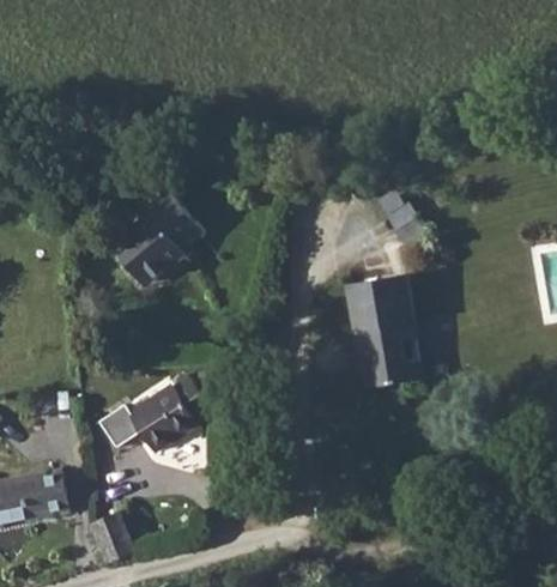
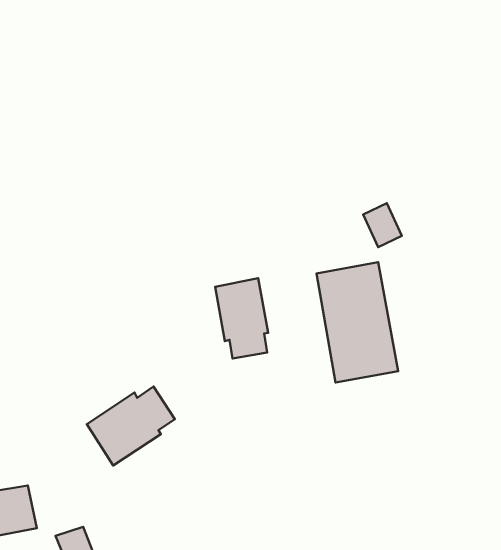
building: [99,186,196,283] -> none
building: none -> [215,278,268,359]

